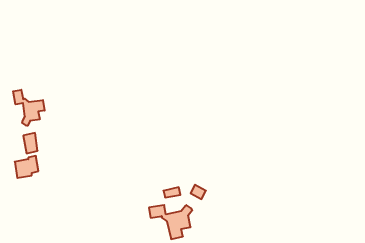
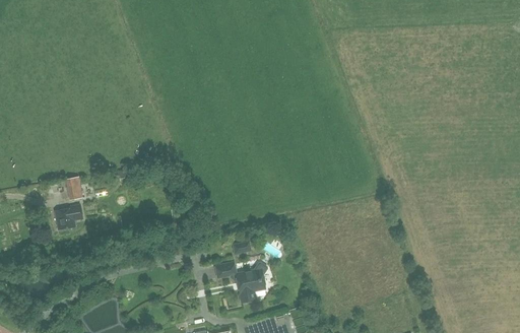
building: [13,90,45,126] -> none

